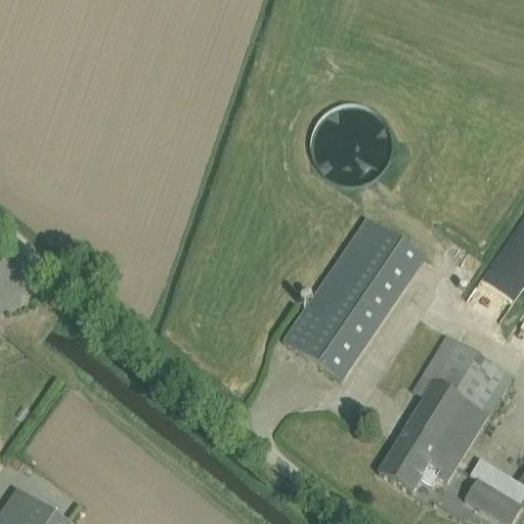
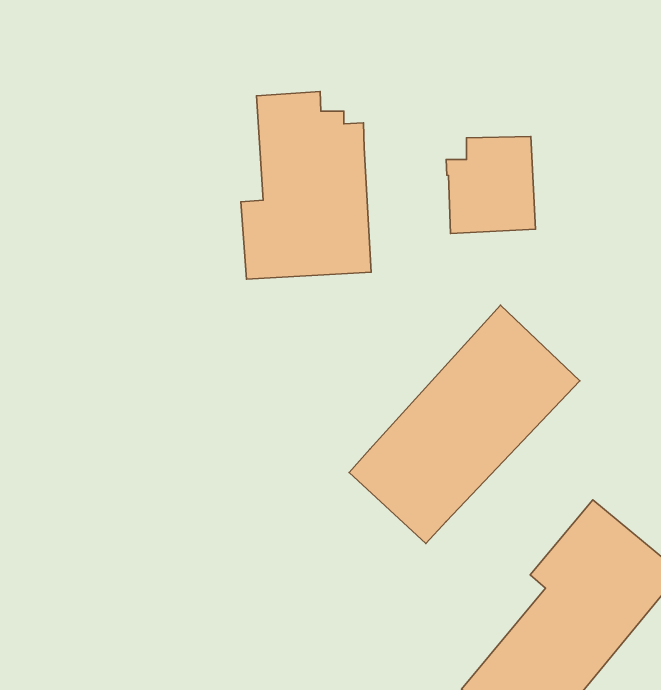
building: none -> [241,91,371,279]

